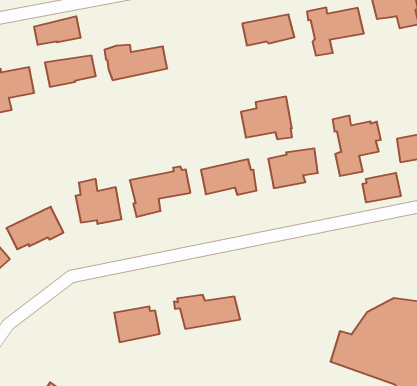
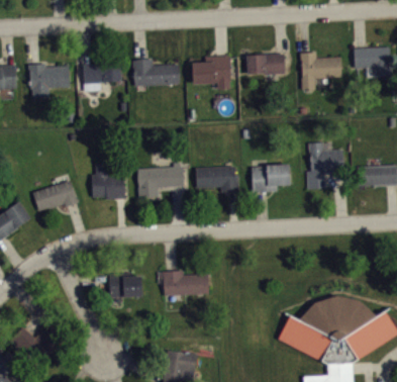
building: [34,16,80,45] -> none
building: [241,97,292,139] -> [192,56,231,89]
building: [363,173,401,202] -> none

